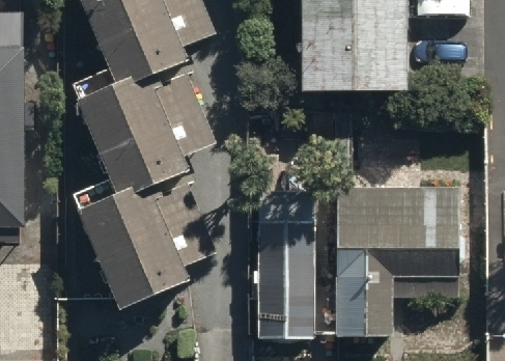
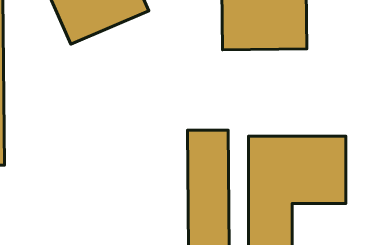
building: [78,60,213,183] -> none
building: [74,169,213,294] -> none

